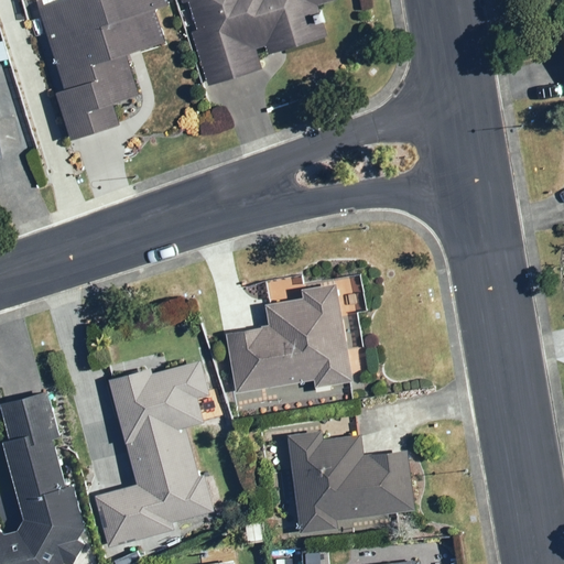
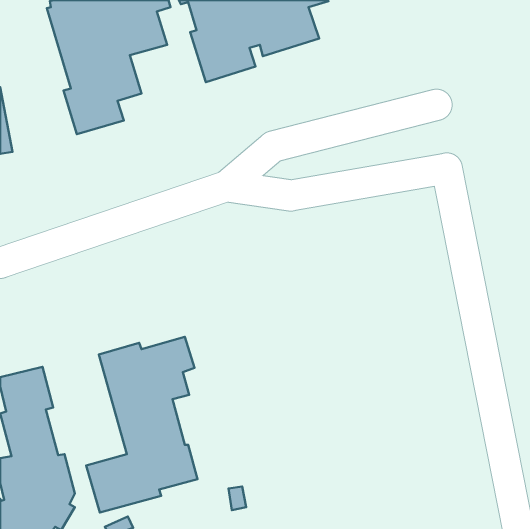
building: [224,282,350,392] -> none
building: [285,430,412,531] -> none

